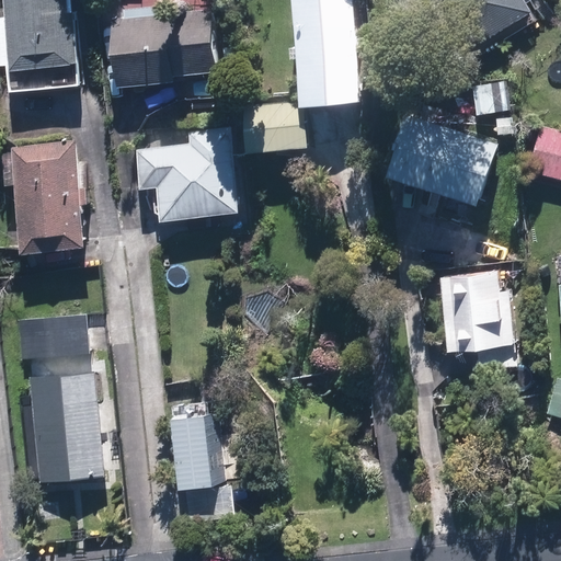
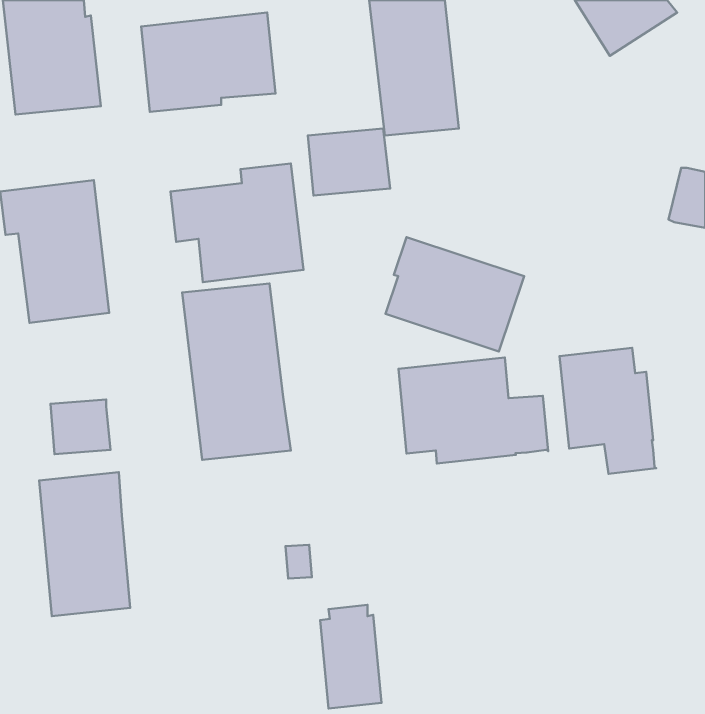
building: [388,115,496,205] -> [386,237,524,352]
building: none -> [182,283,291,460]
building: none -> [398,357,548,464]
building: [167,407,215,488] -> [320,605,382,708]

